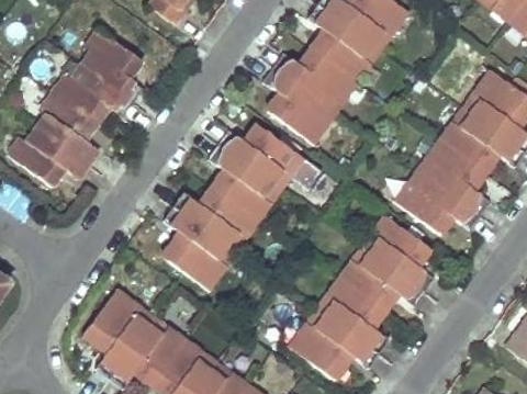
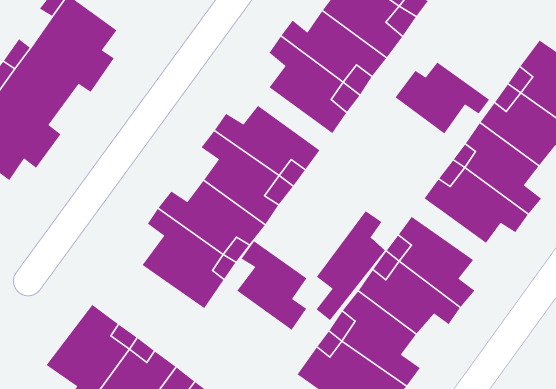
building: none -> [394,61,490,134]
building: none -> [316,210,386,321]
building: none -> [236,240,308,331]

